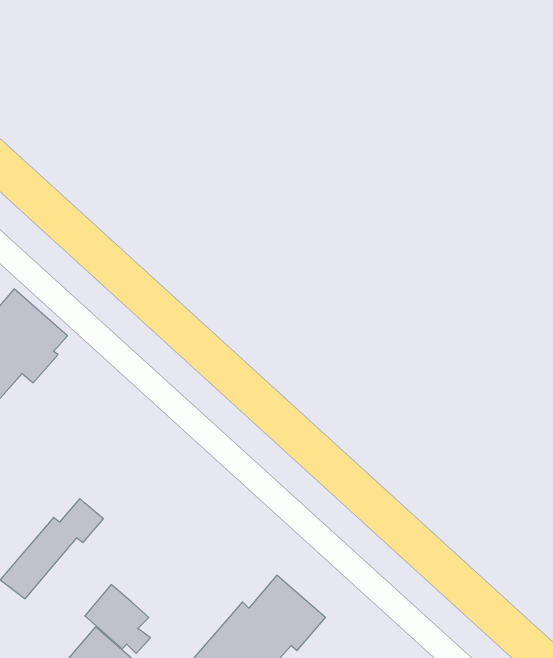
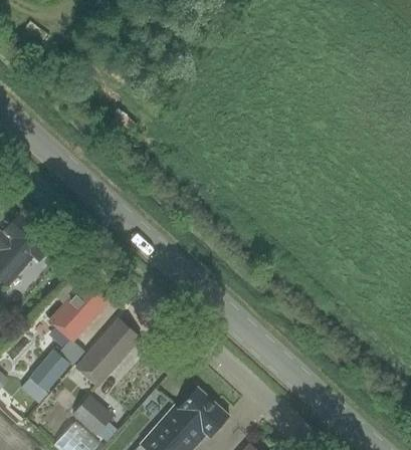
building: none -> [48,280,109,343]
building: none -> [75,320,140,388]

